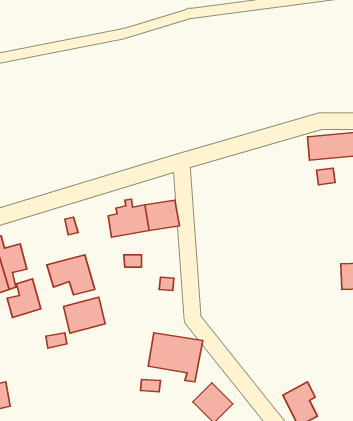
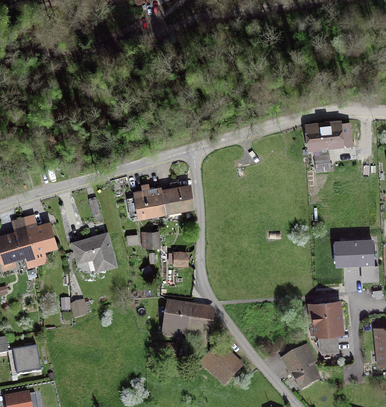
building: [7,279,41,318] -> none
building: [63,297,105,333] -> none
building: none -> [309,303,341,353]

